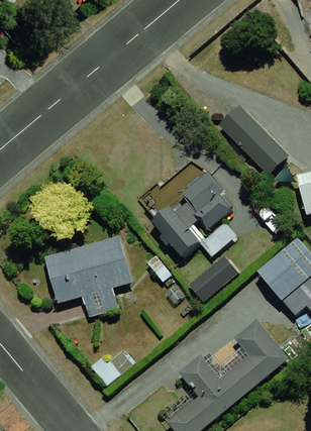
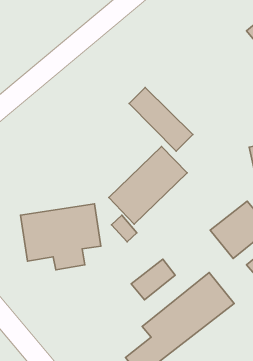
building: [220,102,293,175] -> [129,88,193,151]
building: [186,253,236,300] -> [131,259,175,300]

